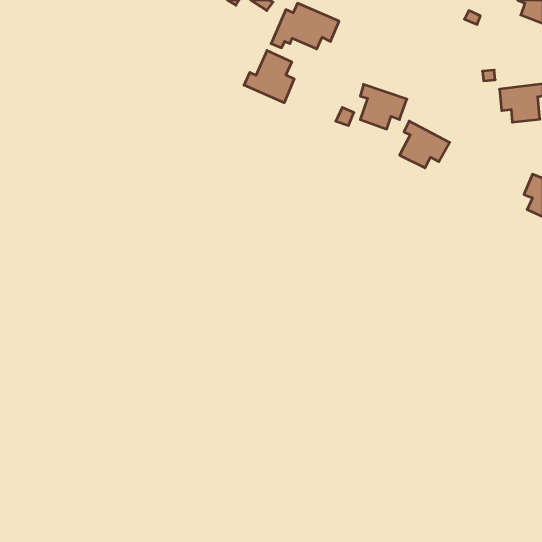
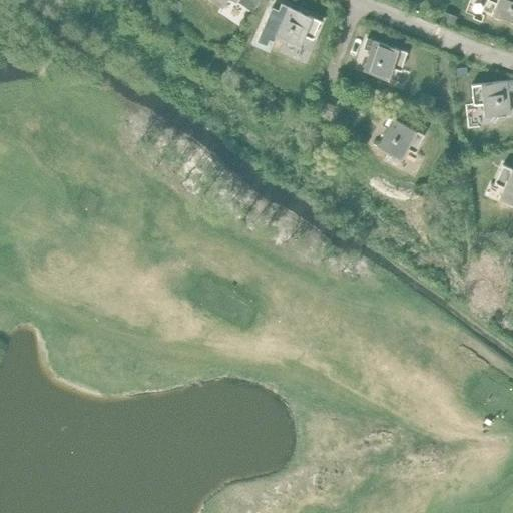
building: [244,50,294,103] -> none
building: [360,84,407,129] -> [364,38,408,80]

